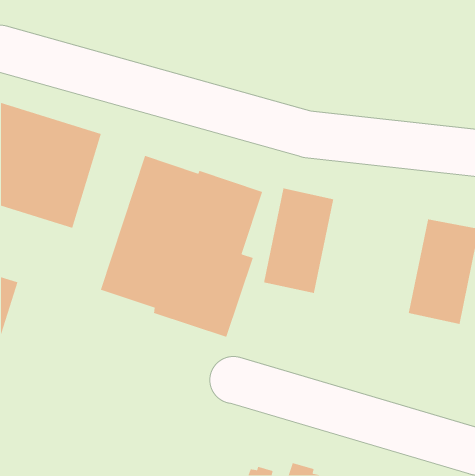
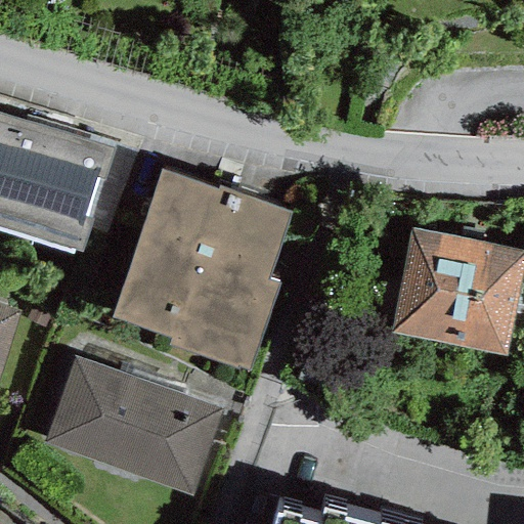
building: [263,188,334,294] -> [393,227,471,344]
building: none -> [45,355,223,493]

